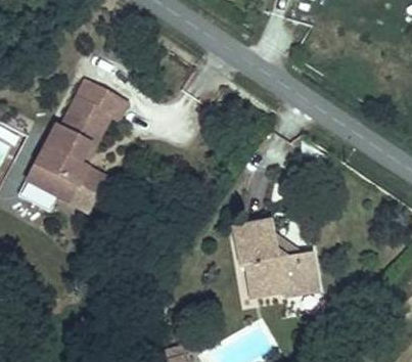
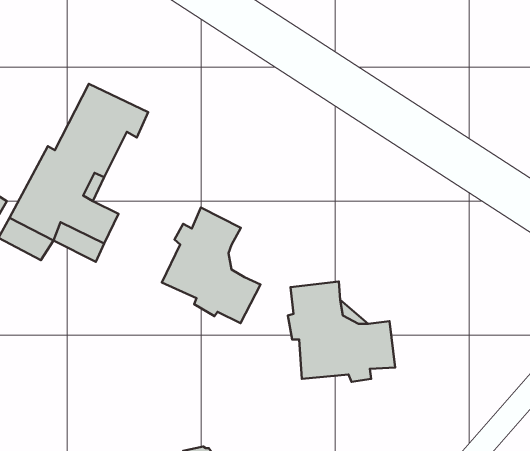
building: none -> [162,207,260,323]

